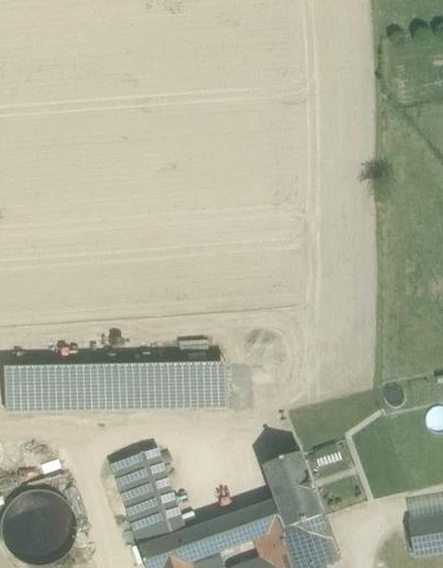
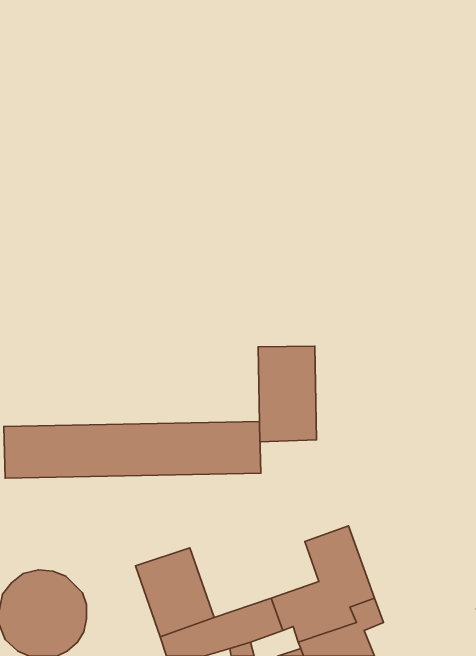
building: none -> [258,346,316,442]
building: [109,447,164,487] -> none

